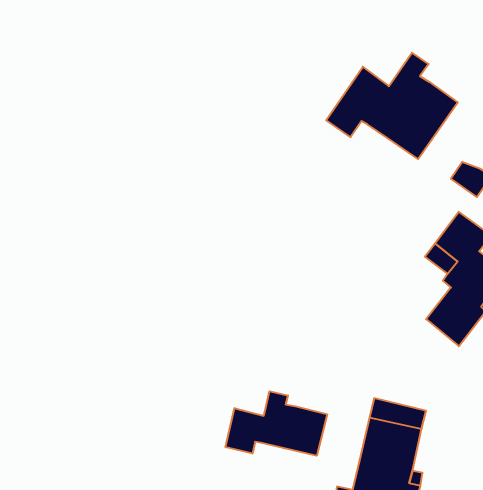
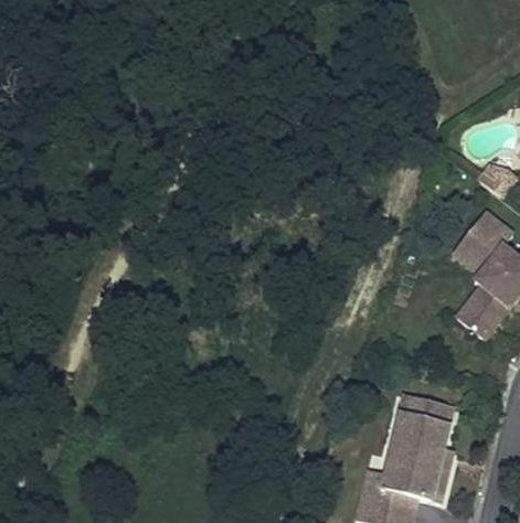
building: [326,53,458,159] -> none
building: [226,391,327,456] -> none

